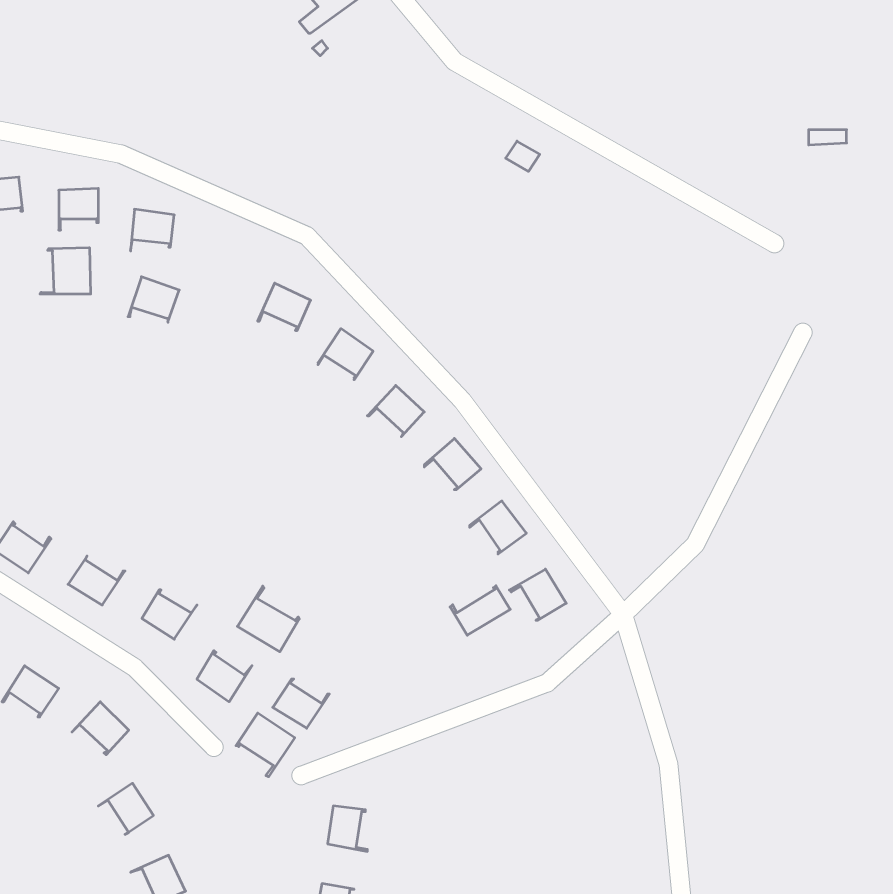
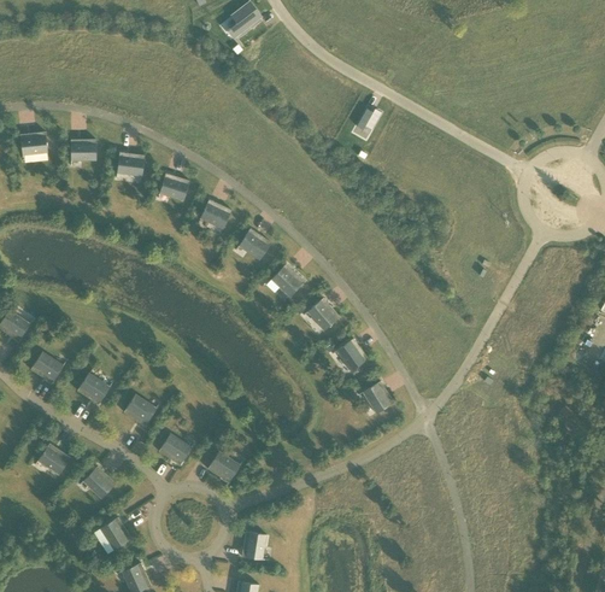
building: [40,248,91,294] -> none
building: [128,277,179,322] -> [157,174,189,203]
building: [450,586,510,635] -> none
building: [237,586,299,652] -> none
building: [236,713,295,777] -> none

